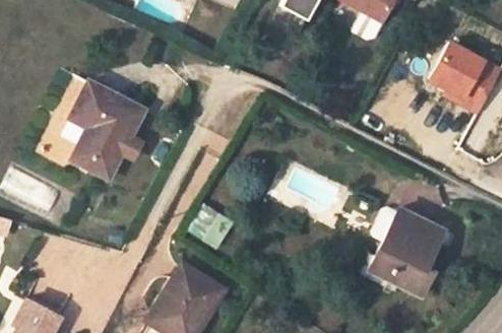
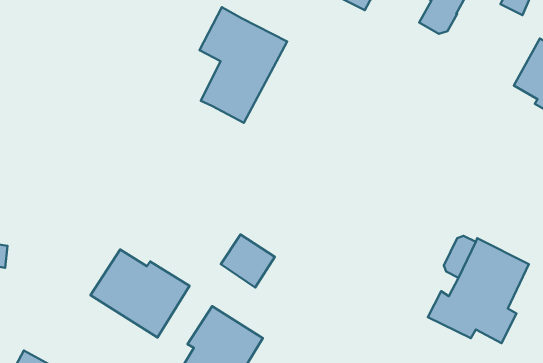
building: [71,80,143,176] -> [200,7,287,123]
building: none -> [91,250,189,337]

